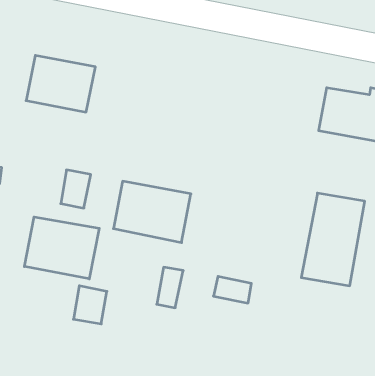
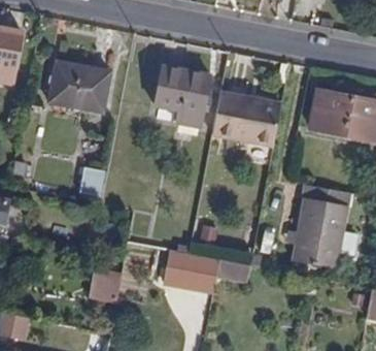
building: none -> [155,65,212,127]
building: [113,181,191,243] -> [212,92,281,147]
building: [24,217,99,279] -> none
building: none -> [182,254,220,293]

